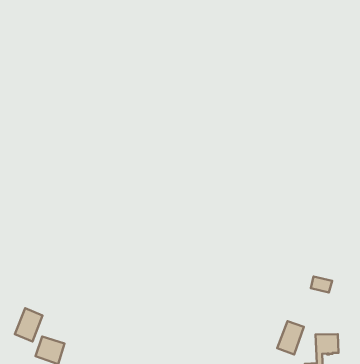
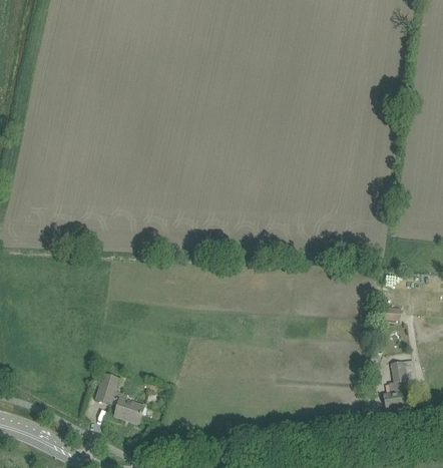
building: [277,321,304,355] -> none

